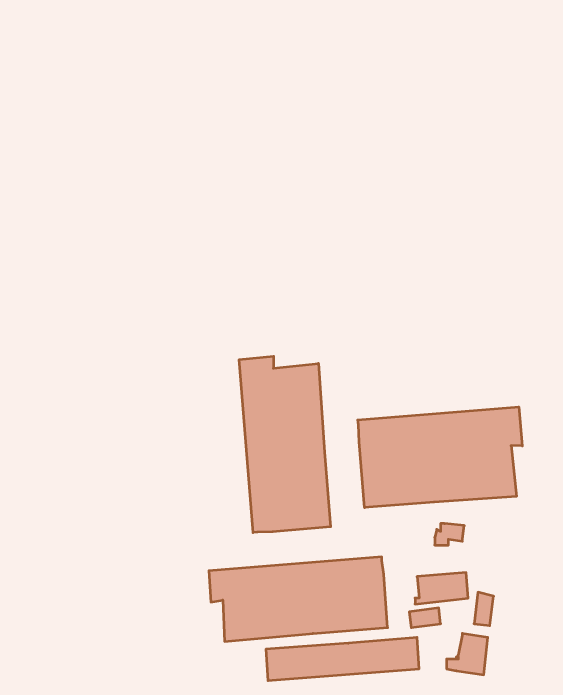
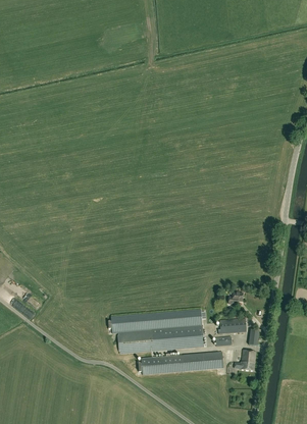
building: [239,356,331,533] -> none
building: [358,407,522,508] -> none

